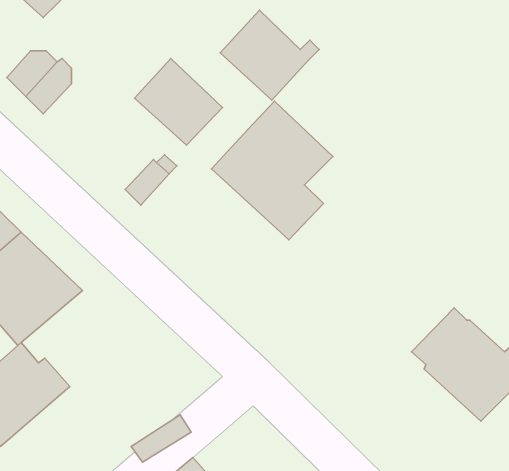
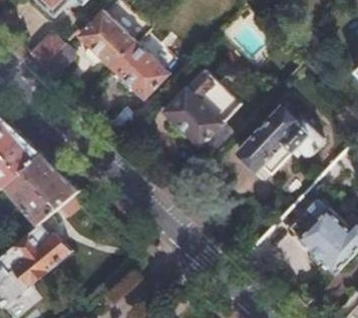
building: [220,10,319,100] -> [79,10,142,67]
building: none -> [238,106,323,174]

